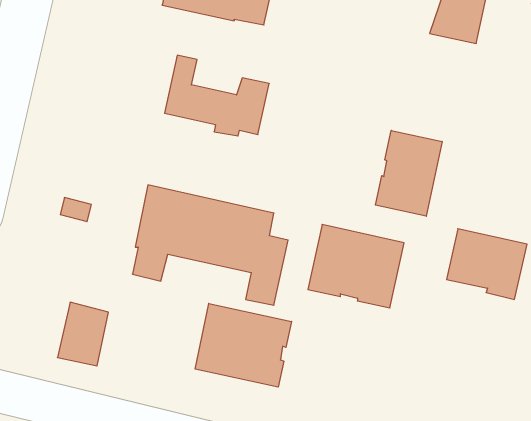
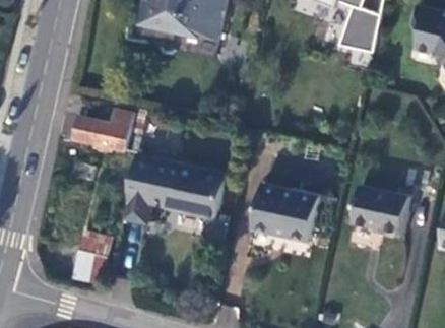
building: [165,55,269,136] -> [57,93,132,151]
building: [375,130,442,216] -> none
building: [195,303,292,387] -> none

